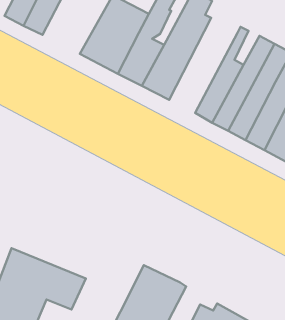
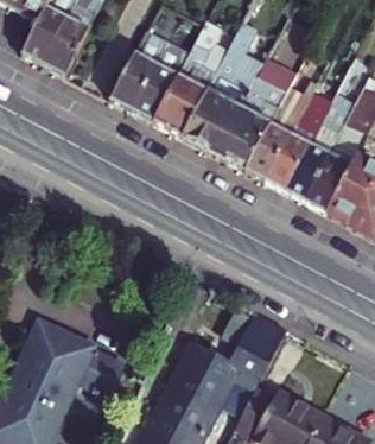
building: none -> [217,53,298,166]
building: none -> [230,313,286,382]

